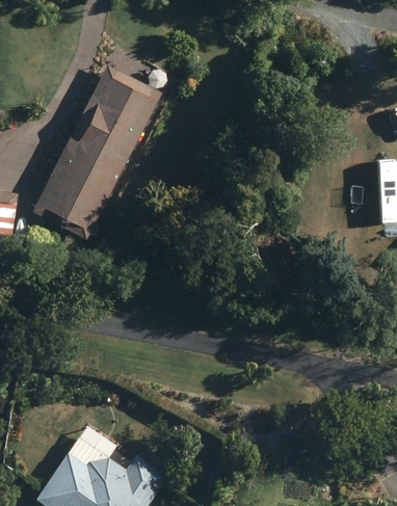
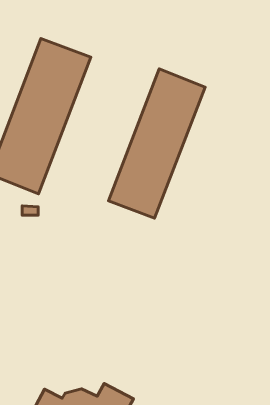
building: none -> [108,69,205,218]

